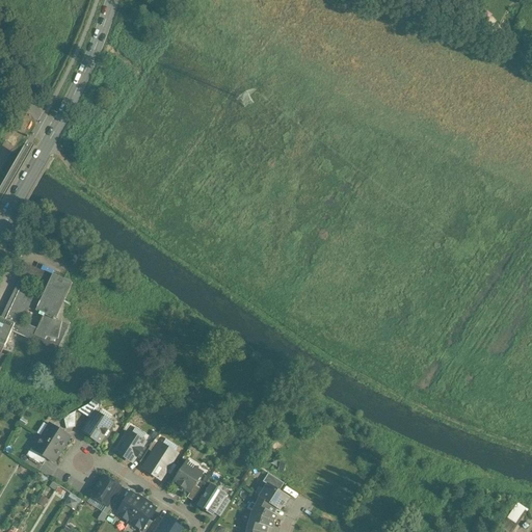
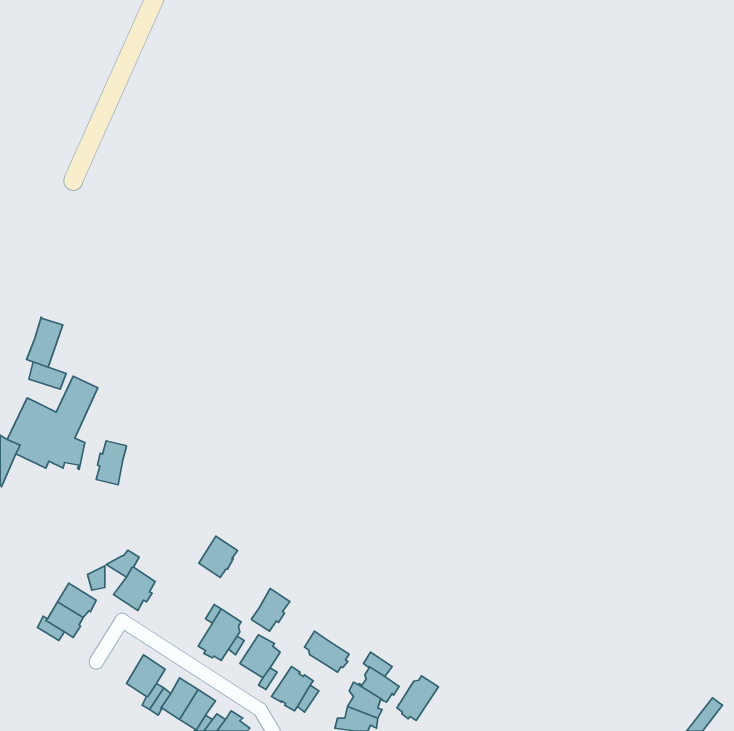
building: none -> [26,317,63,367]
building: none -> [96,441,127,485]
building: none -> [252,589,290,631]
building: [116,430,144,460] -> [199,536,237,578]
building: none -> [304,631,349,672]
building: none -> [397,676,439,721]

